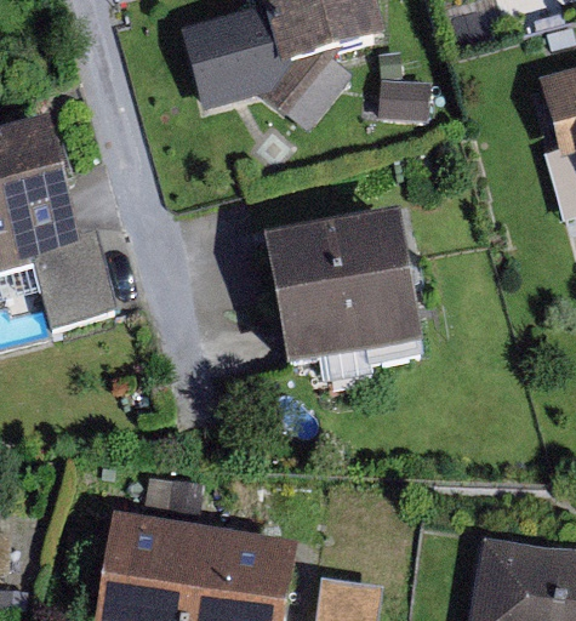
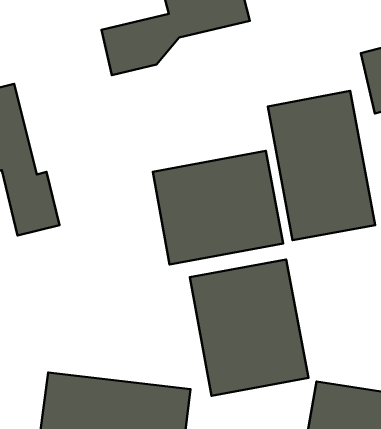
building: none -> [268,91,375,240]
building: none -> [190,260,309,396]

